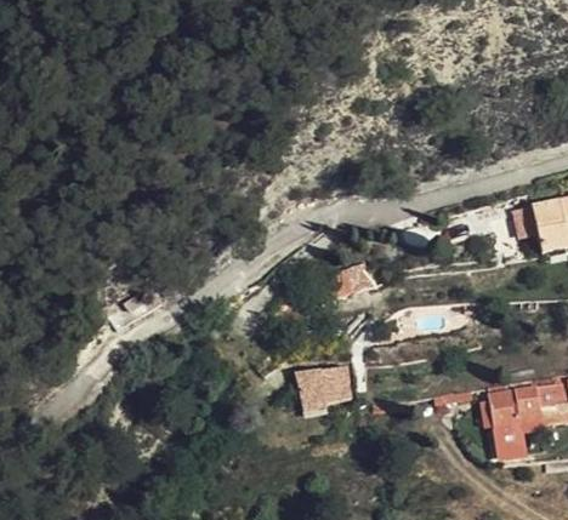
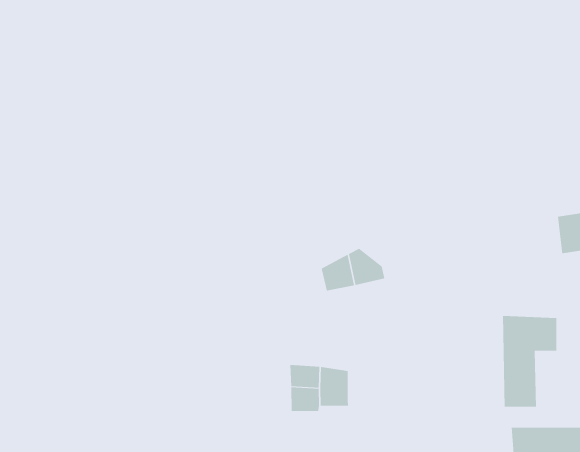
building: none -> [502,315,557,407]

